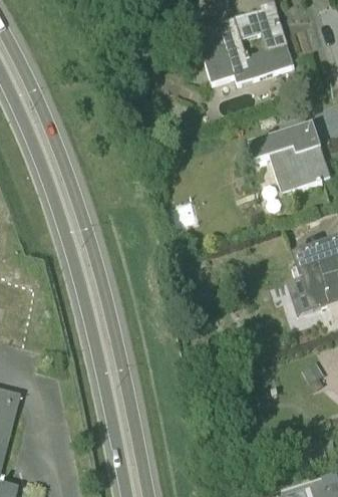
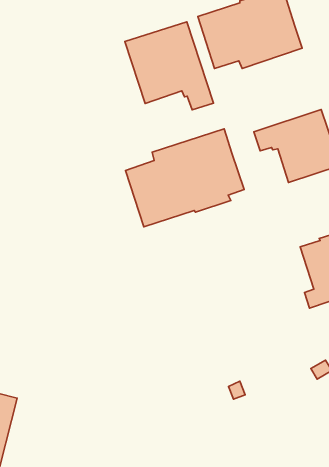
building: none -> [125,22,213,110]
building: none -> [125,129,244,227]

